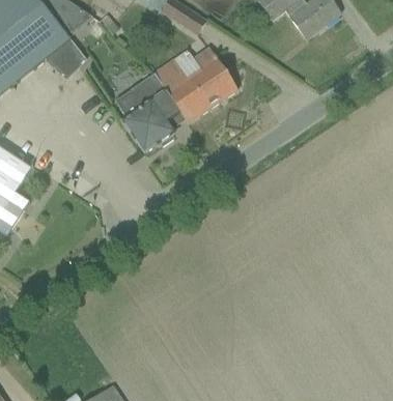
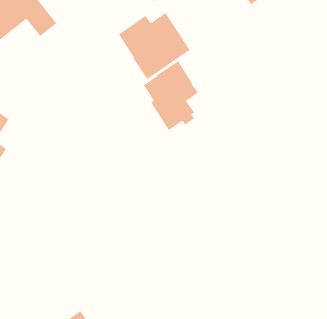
building: [114,71,177,151] -> [143,61,199,131]

